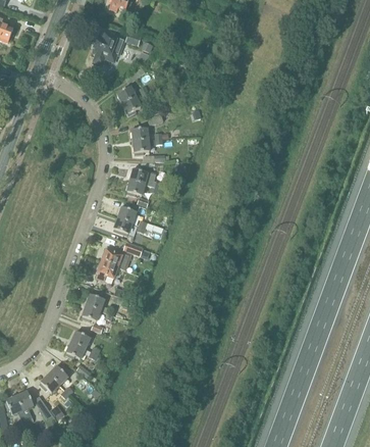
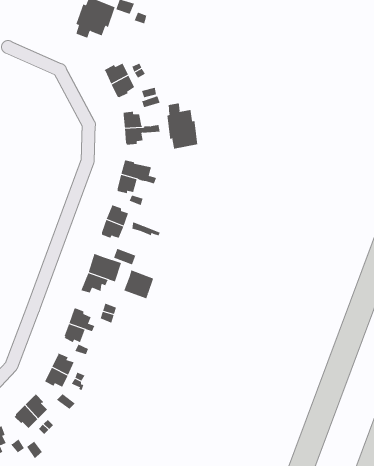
building: none -> [167,103,198,149]
building: none -> [124,270,154,299]

